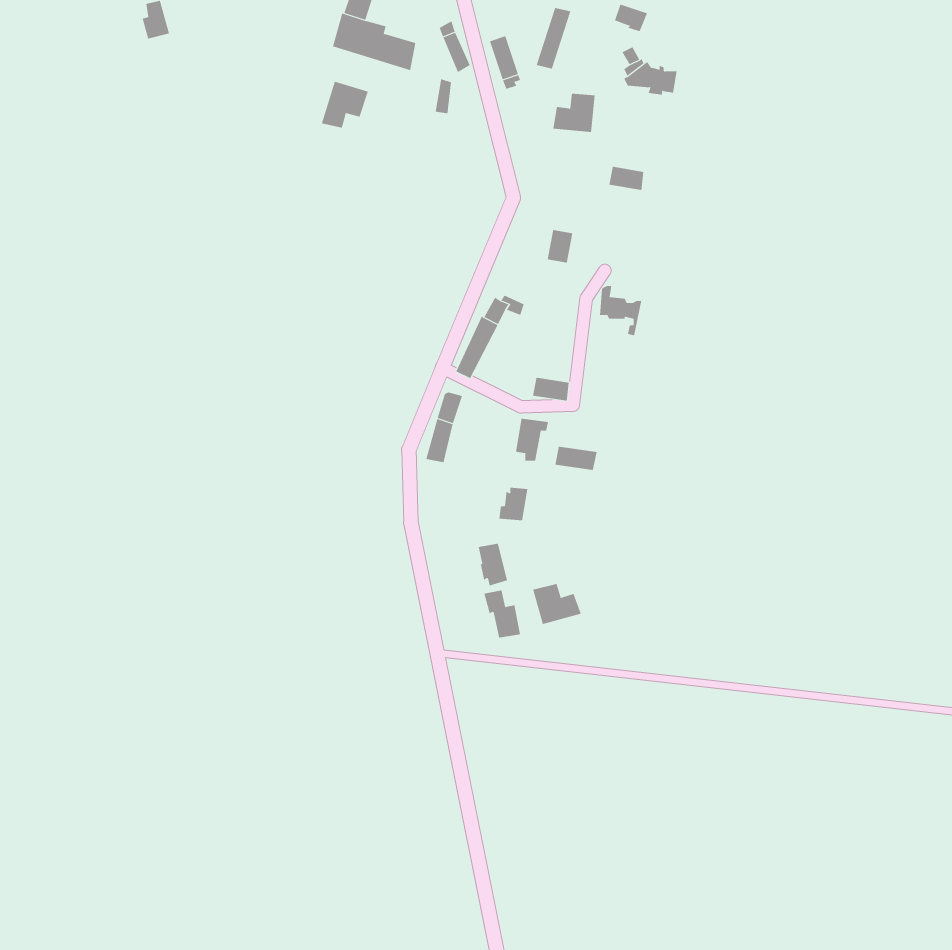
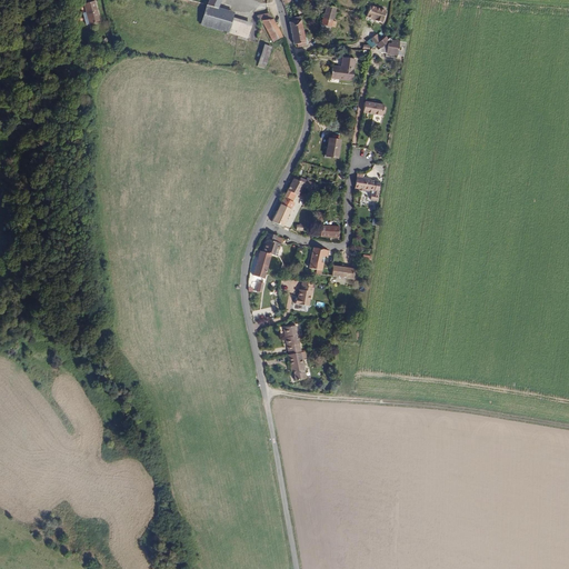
building: [321,81,369,128] -> none
building: [532,583,581,625] -> none

